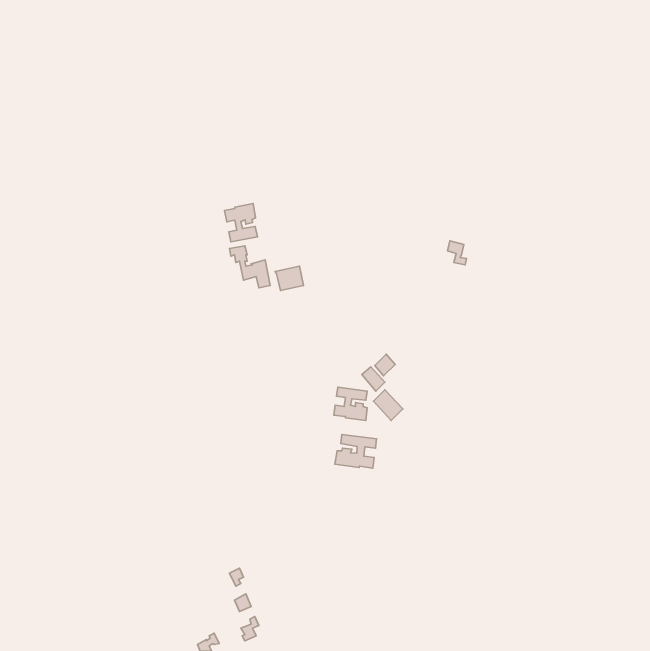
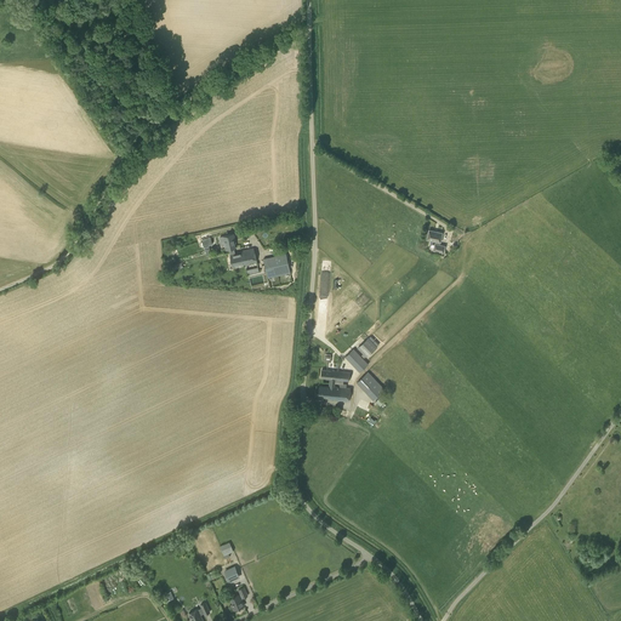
building: [224,204,257,242] -> none
building: [335,434,376,468] -> none

